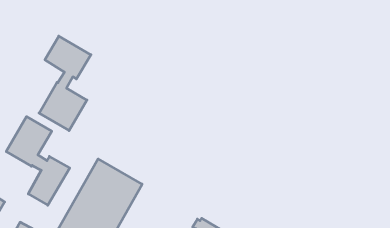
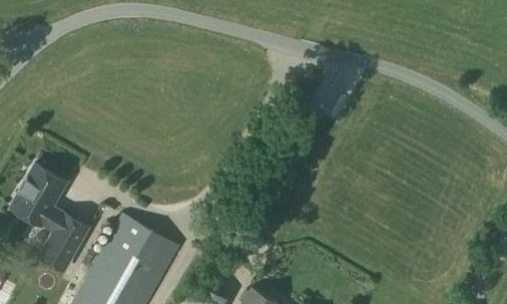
building: [39,36,91,131] -> none

